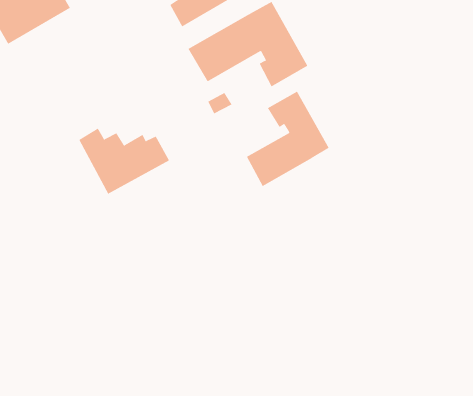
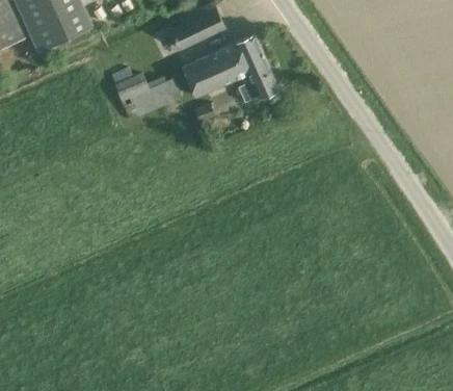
building: [246,91,330,187] -> none
building: [78,128,170,194] -> [110,68,182,122]

